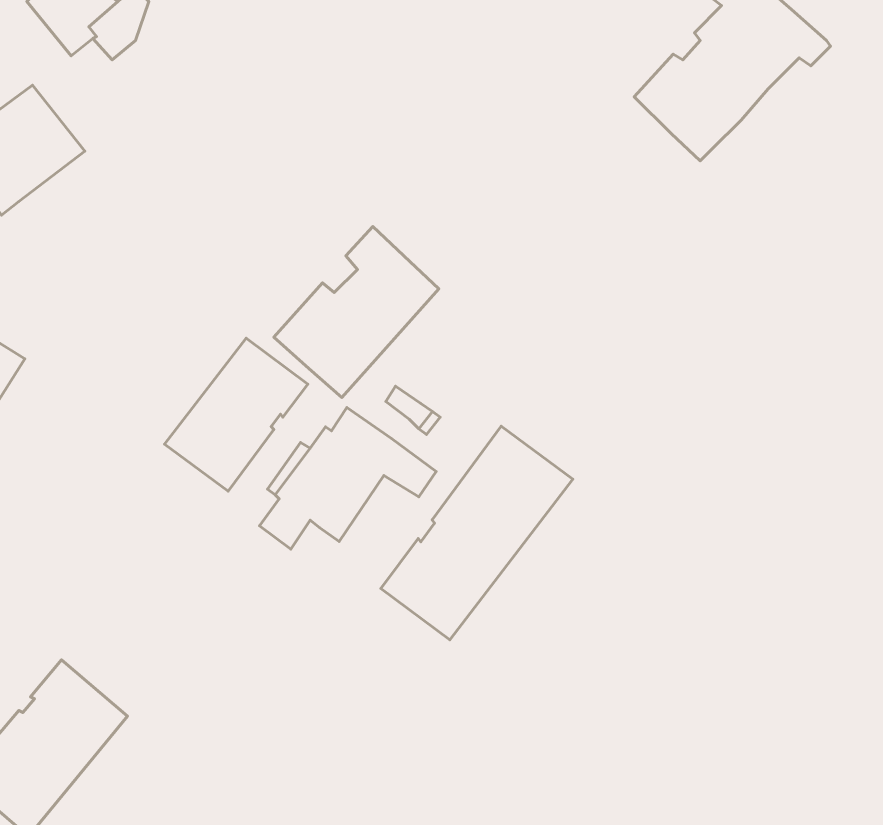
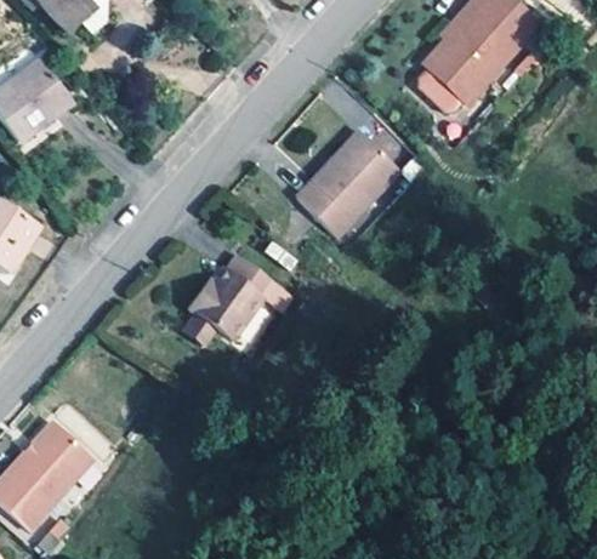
building: [274,227,439,398] -> [294,129,397,235]
building: [165,338,308,491] -> none
building: [381,426,573,640] -> none

